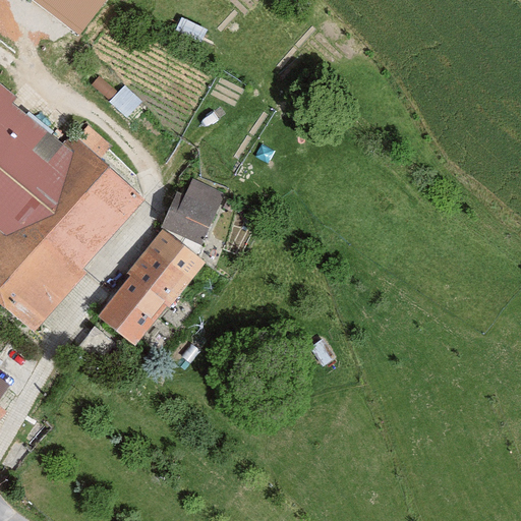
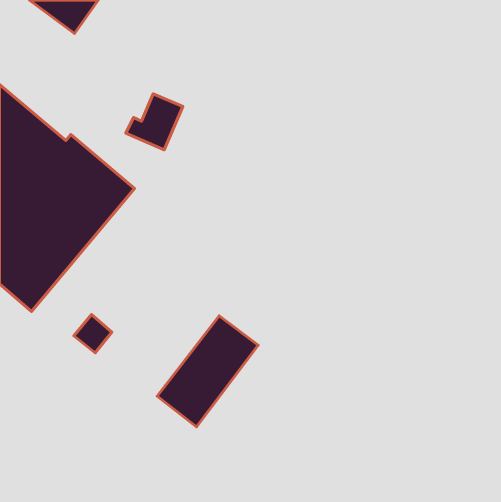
building: [164,180,223,238] -> [126,94,183,150]
building: [101,230,206,345] -> [157,316,258,427]

